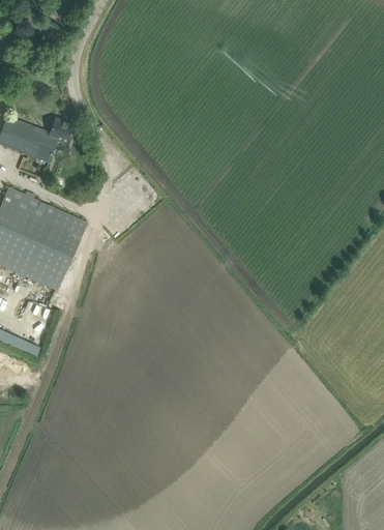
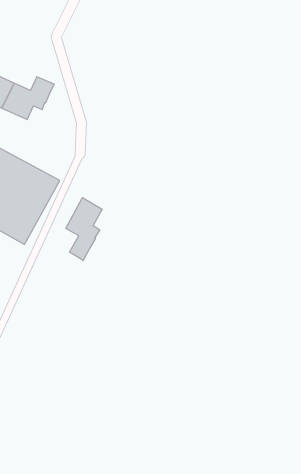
building: none -> [66,198,102,261]

